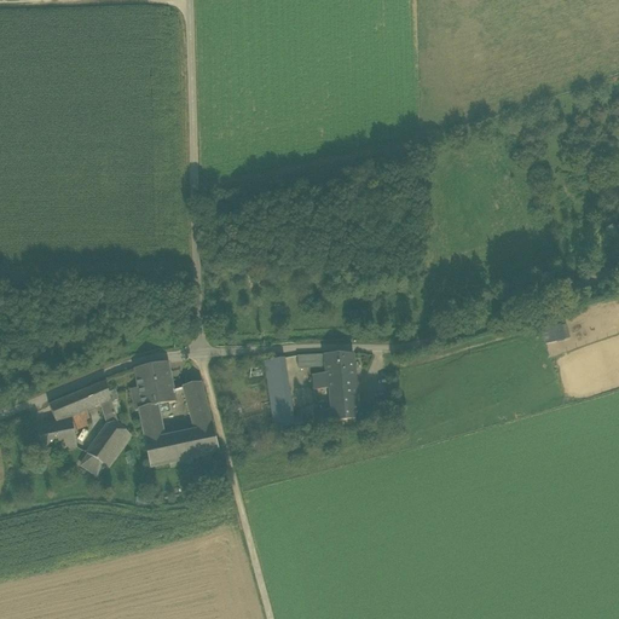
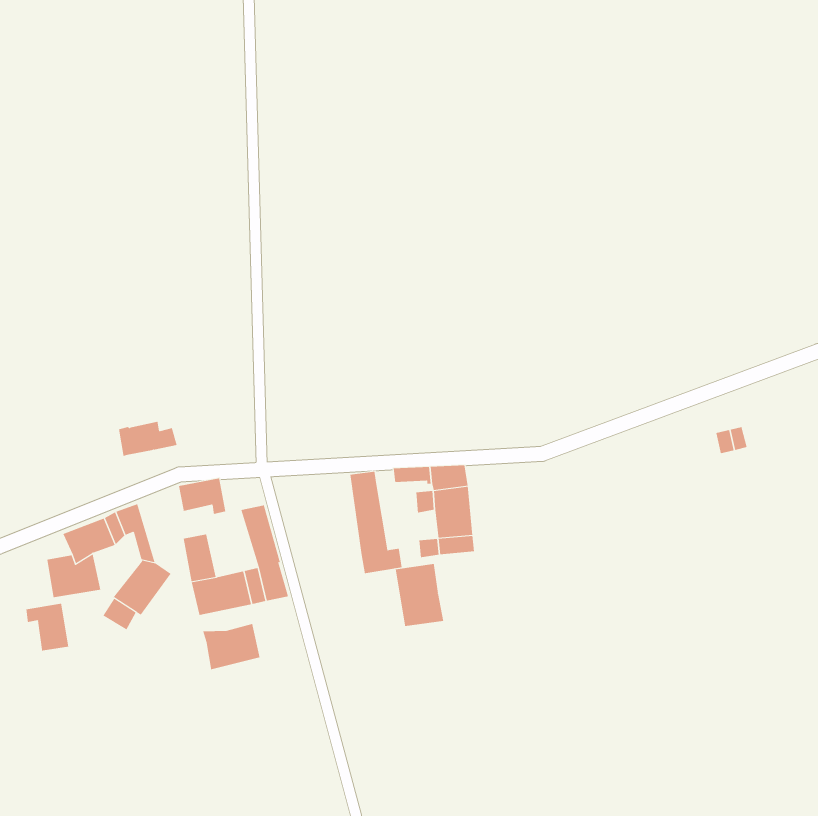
building: [129,381,174,407] -> [118,421,177,456]
building: none -> [395,563,444,627]
building: none -> [26,603,69,652]
building: none -> [203,623,260,670]

